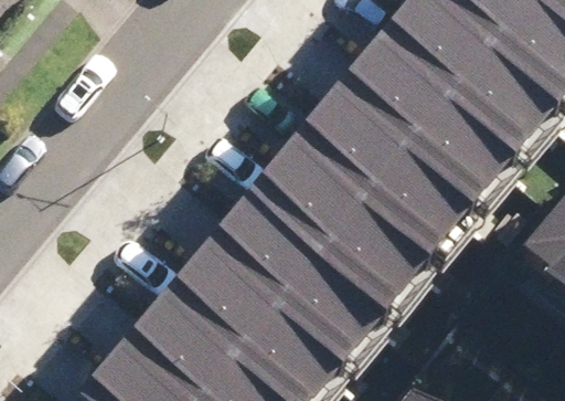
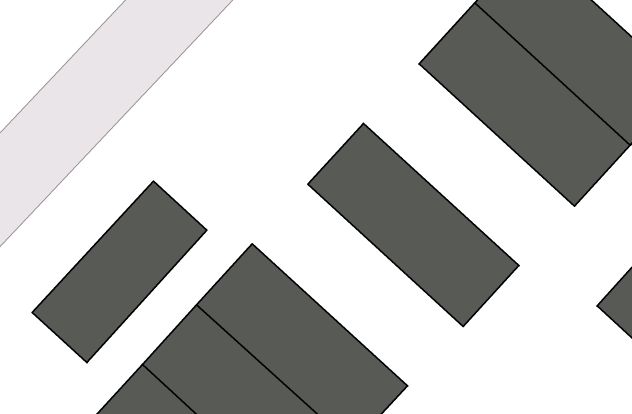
building: [320,63,494,221] -> none
building: [236,166,411,324] -> none
building: none -> [32,181,207,363]

